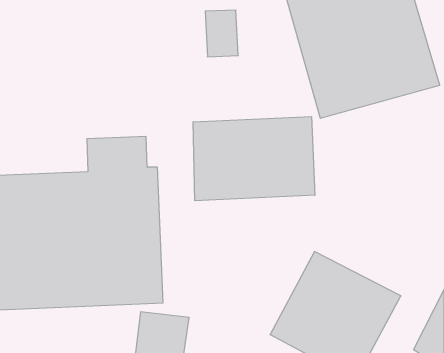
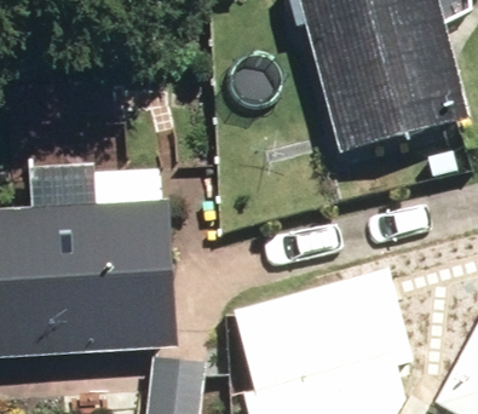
building: [193,117,315,201] -> none

